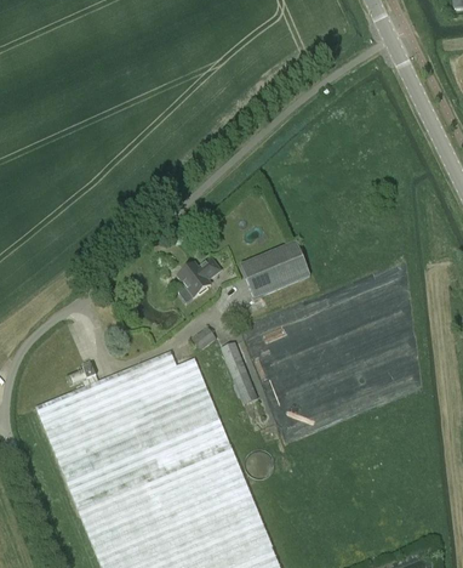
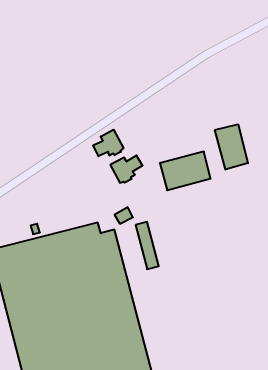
building: none -> [215,124,248,170]
building: none -> [93,130,123,156]

